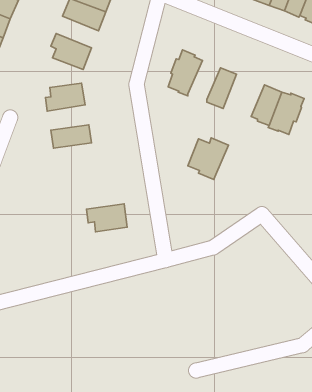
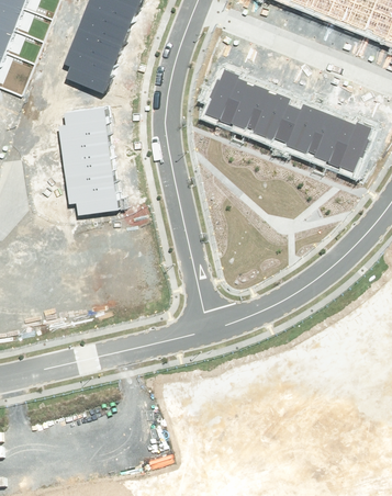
building: none -> [70,27,122,66]
building: none -> [231,81,270,128]
building: none -> [59,135,110,166]
building: [188,138,228,179] -> [275,102,324,153]
building: [86,204,127,232] -> [67,181,116,215]

